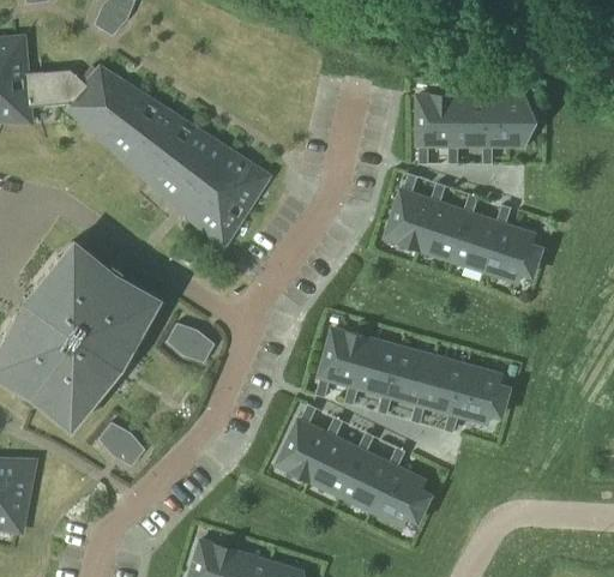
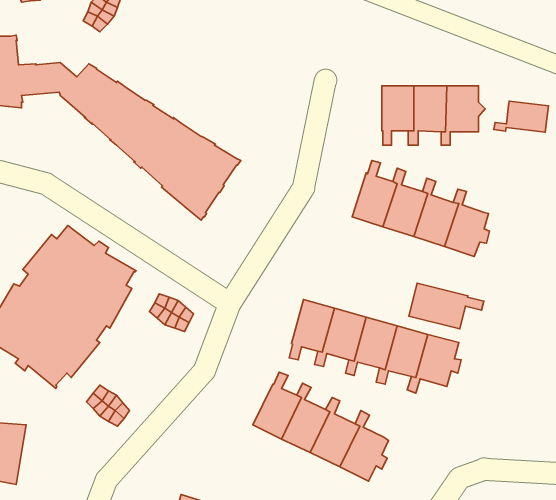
building: none -> [494,101,548,132]
building: none -> [409,283,484,329]

